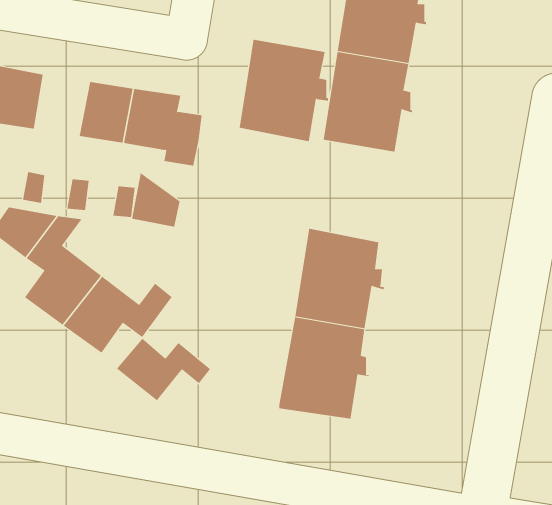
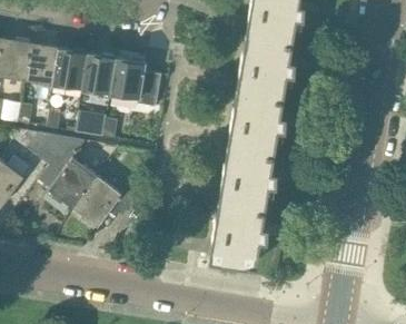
building: [239,39,329,142] -> [229,90,286,155]
building: none -> [57,49,91,88]
building: [132,172,180,227] -> none
building: [116,338,211,401] -> none

